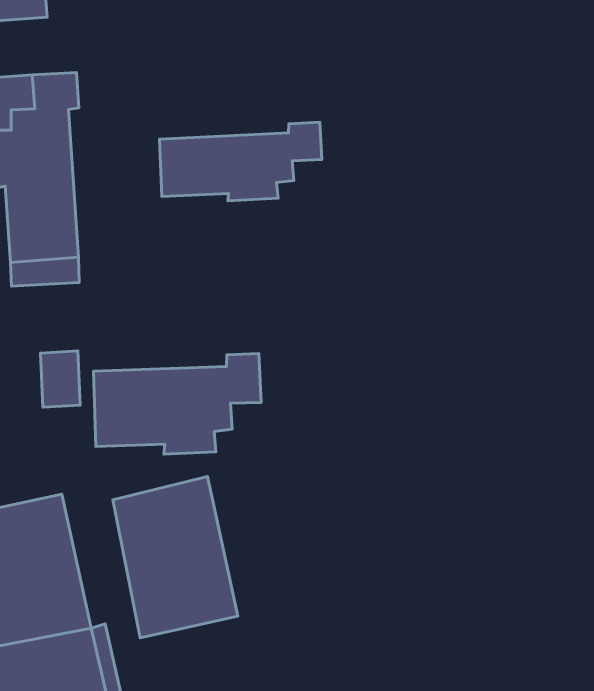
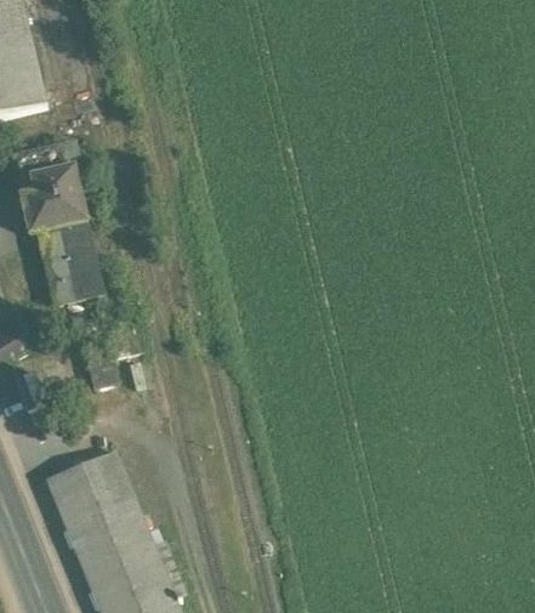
building: [160,122,322,201] -> none
building: [93,354,261,454] -> none
building: [113,476,238,638] -> none

